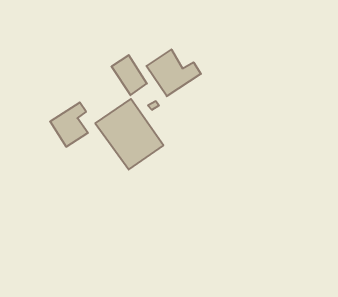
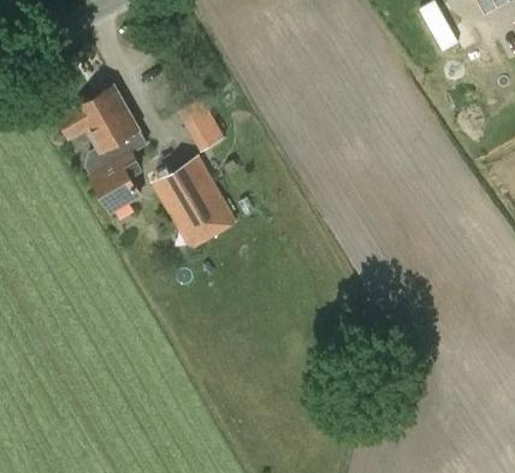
building: [146,49,201,96] -> none
building: none -> [58,87,144,176]

